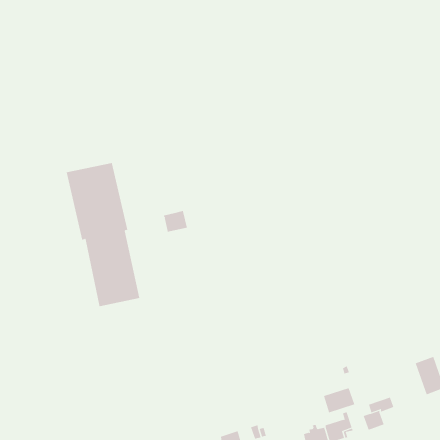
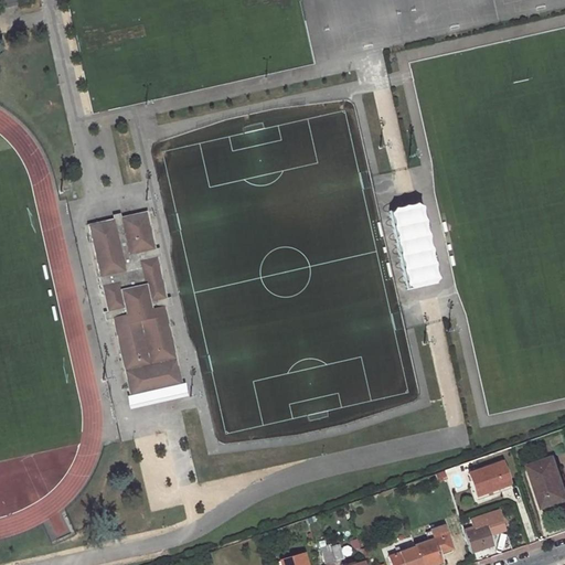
building: [163,210,187,232] -> none
building: [323,387,355,413] -> [471,461,512,494]

